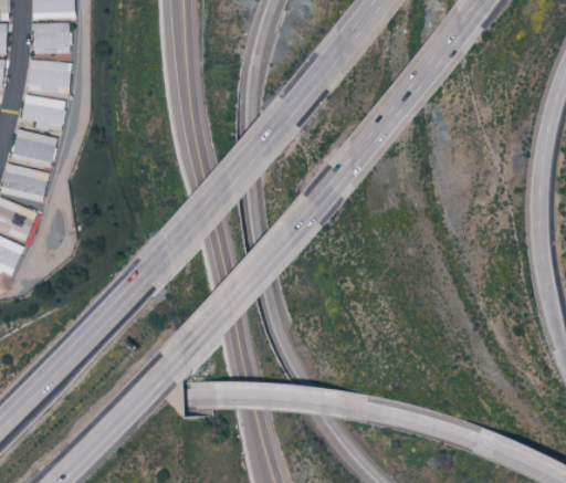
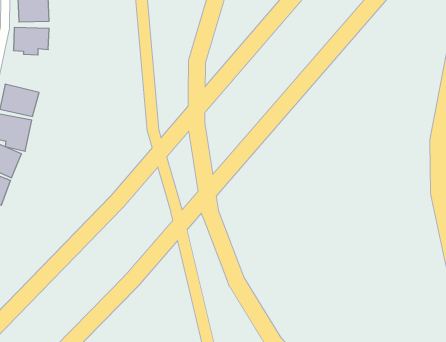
building: [20,94,65,132] -> none

